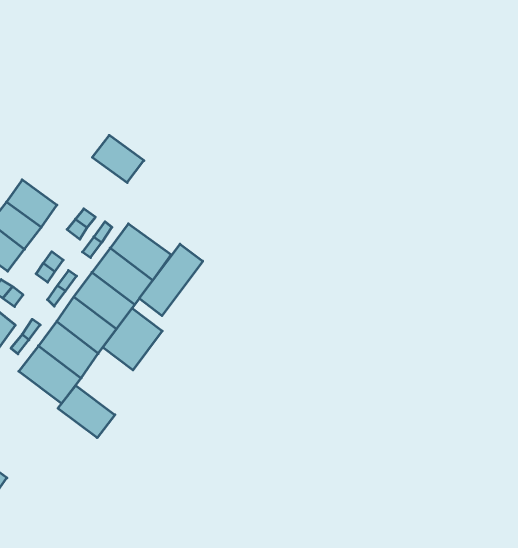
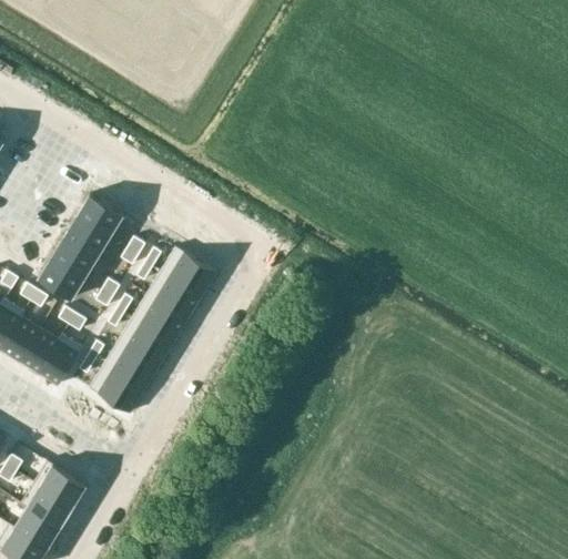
building: [92,135,144,183] -> [75,195,122,236]
building: [139,244,203,316] -> none
building: [103,308,162,370] -> none
building: [58,385,115,438] -> none

